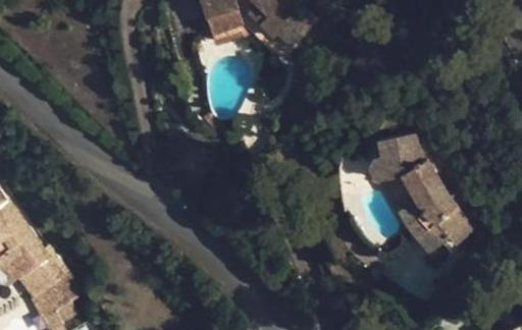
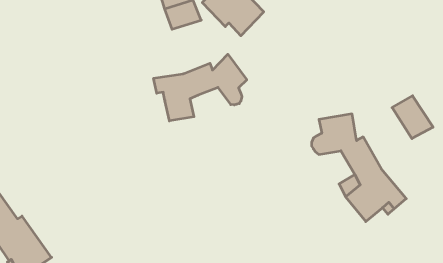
building: none -> [154,54,247,121]
building: none -> [392,96,433,139]

